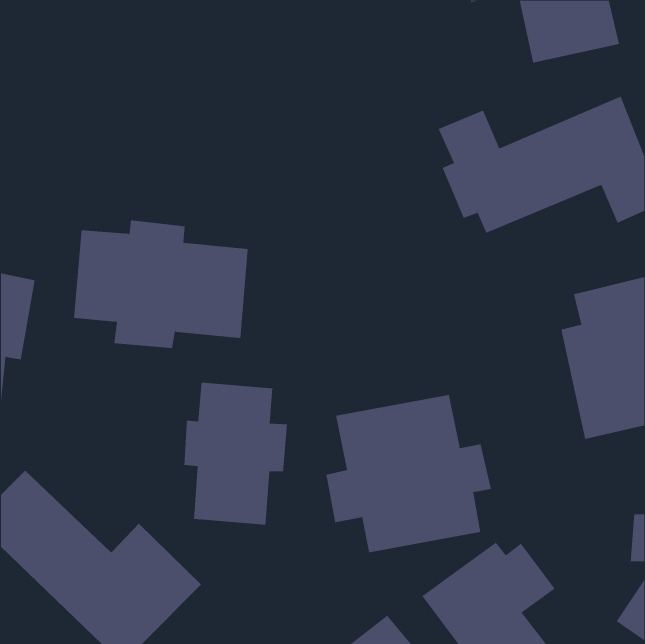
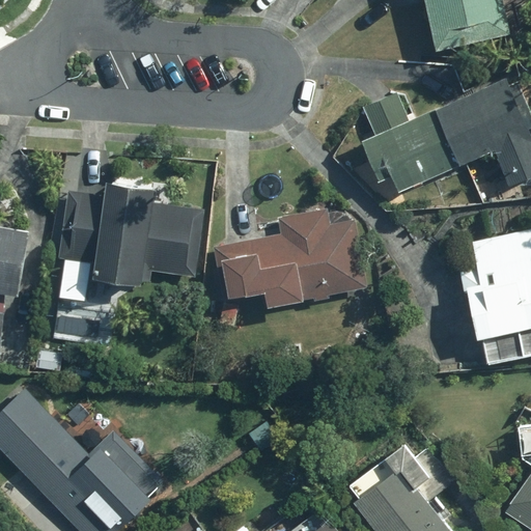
building: none -> [213,204,368,310]
building: [184,382,287,526] -> none
building: [326,394,491,553] -> none

